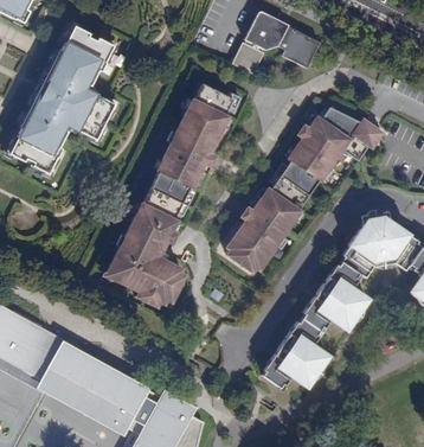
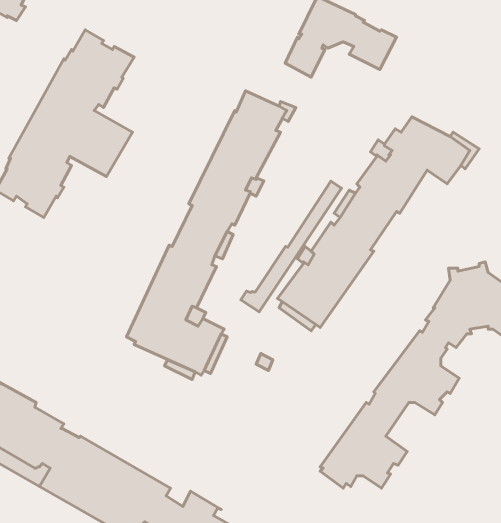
building: none -> [241,181,342,312]

